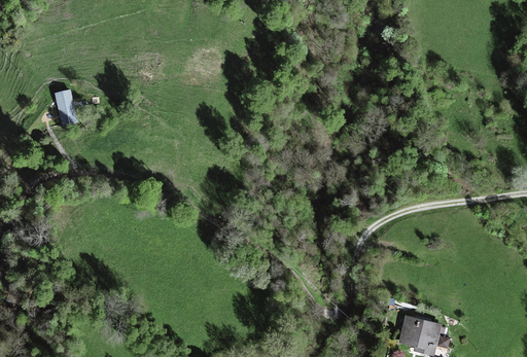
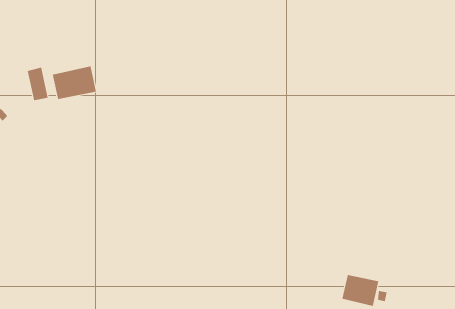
building: none -> [52,66,96,100]

